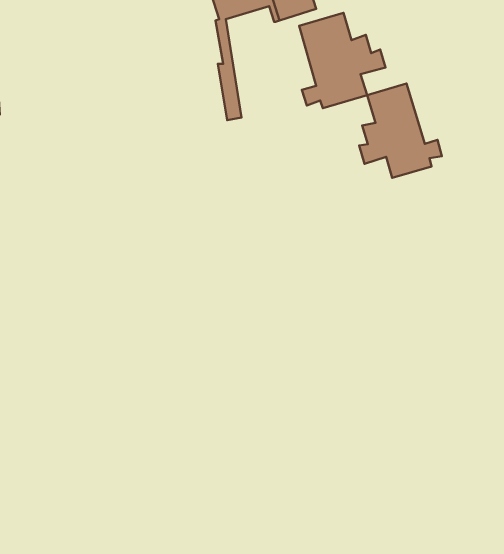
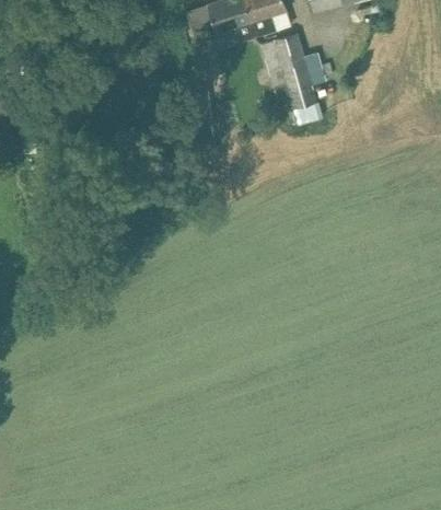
building: [359,84,442,178] -> none

